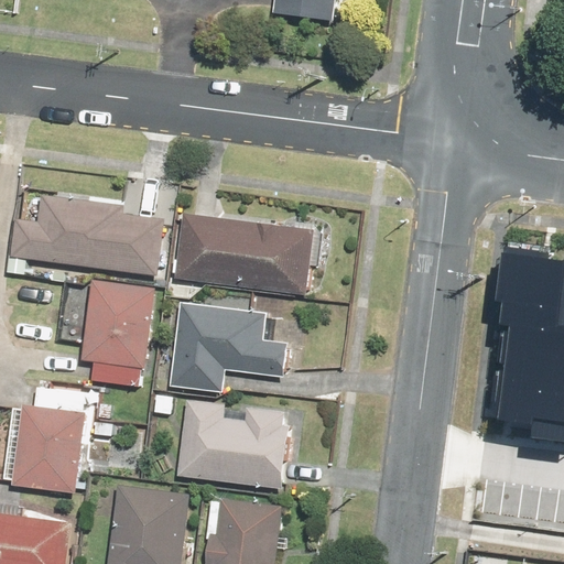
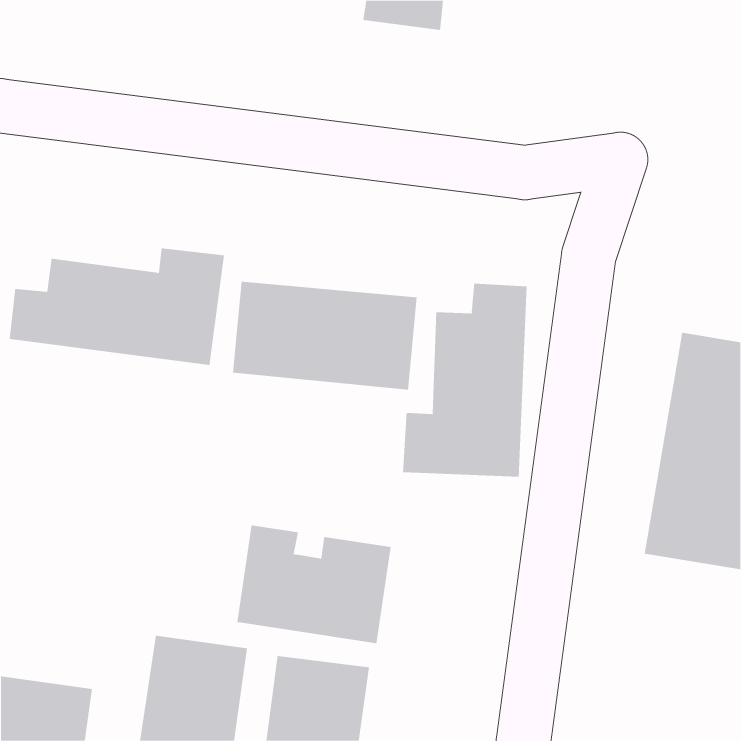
building: none -> [403,283,527,477]
building: [80,279,154,388] -> none
building: [173,305,289,390] -> none
building: [11,386,88,496] -> none

